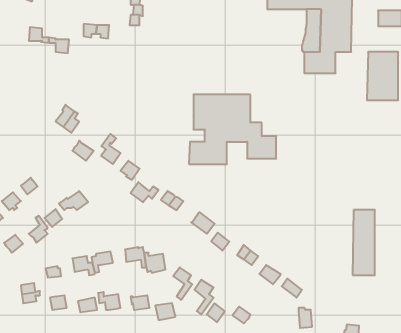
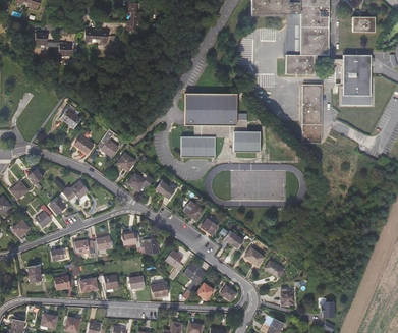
building: [353,210,375,275] -> [301,84,322,143]

